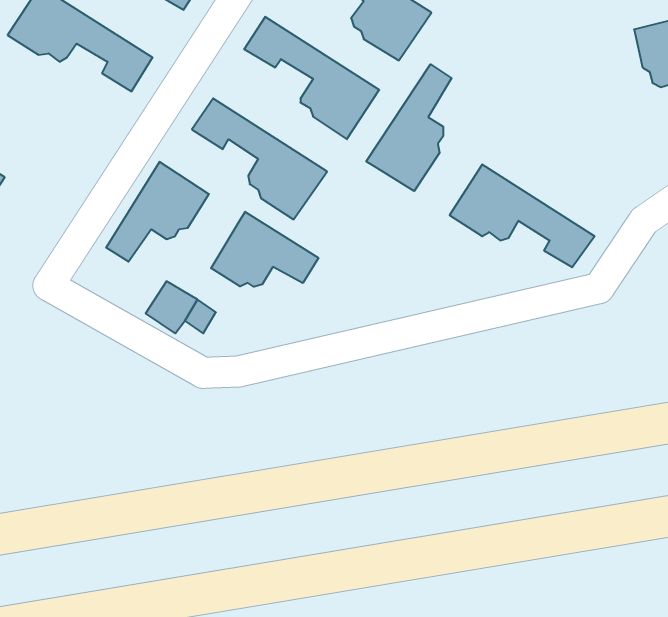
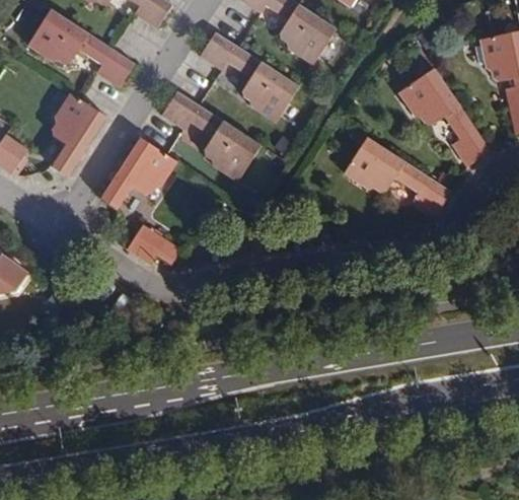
building: [366,64,452,191] -> none
building: none -> [400,71,490,164]
building: none -> [51,94,106,175]
building: [211,212,318,287] -> none

